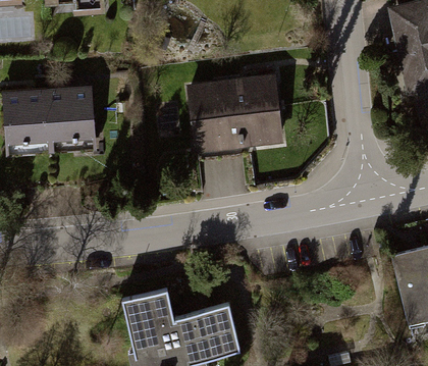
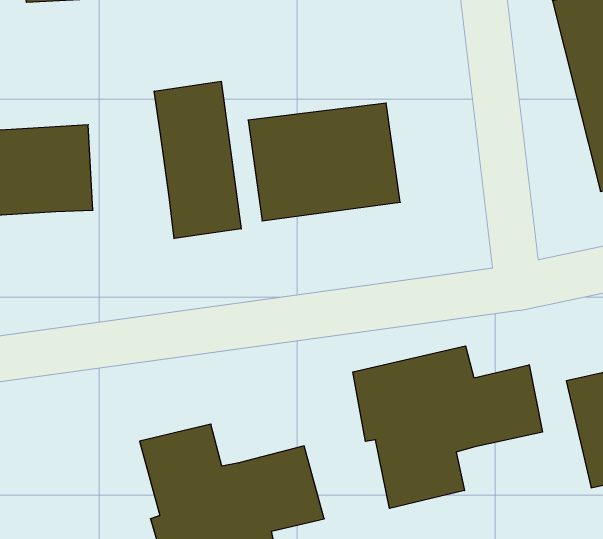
building: none -> [154,81,241,239]
building: none -> [353,346,542,508]

